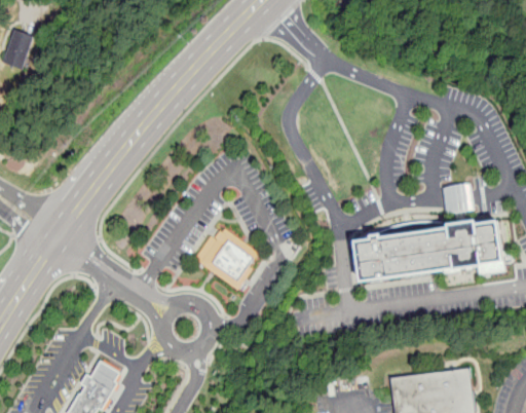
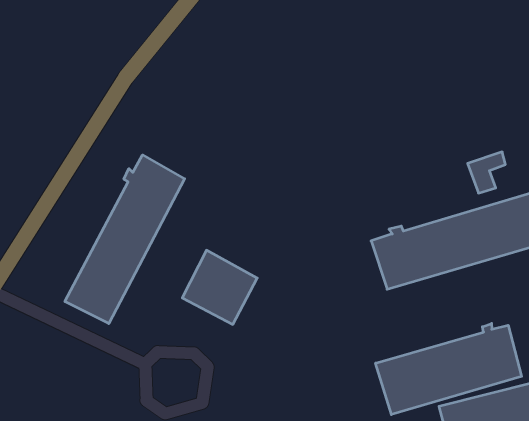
building: none -> [65,155,185,324]
building: none -> [376,323,522,415]

